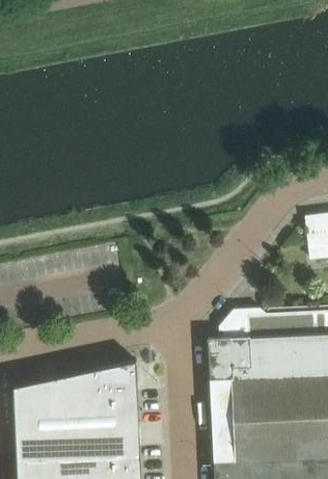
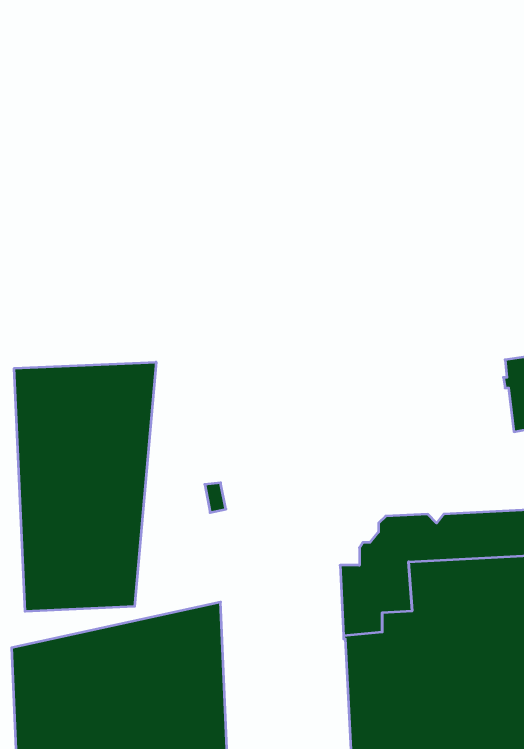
building: none -> [14,362,156,611]

